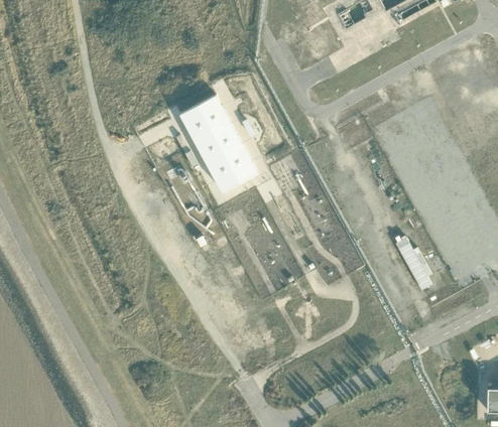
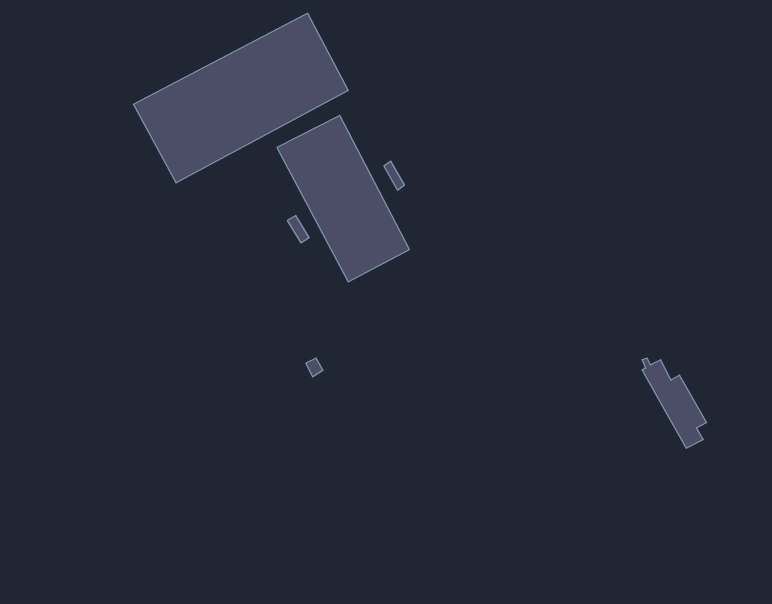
building: none -> [133,13,348,183]

